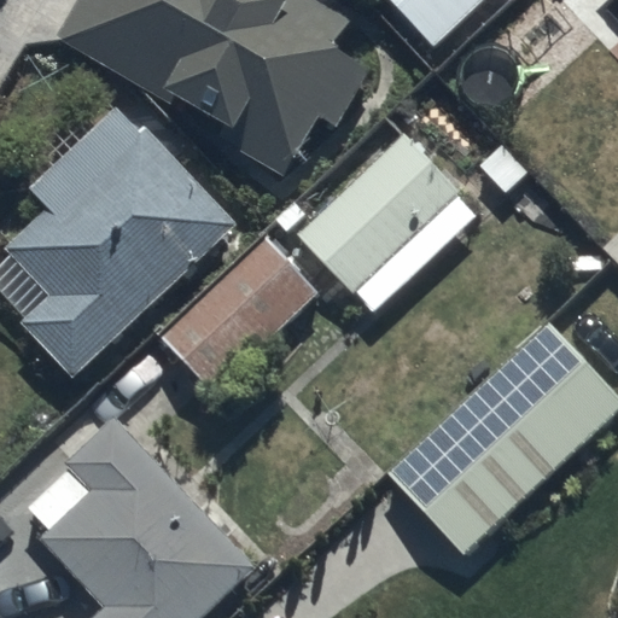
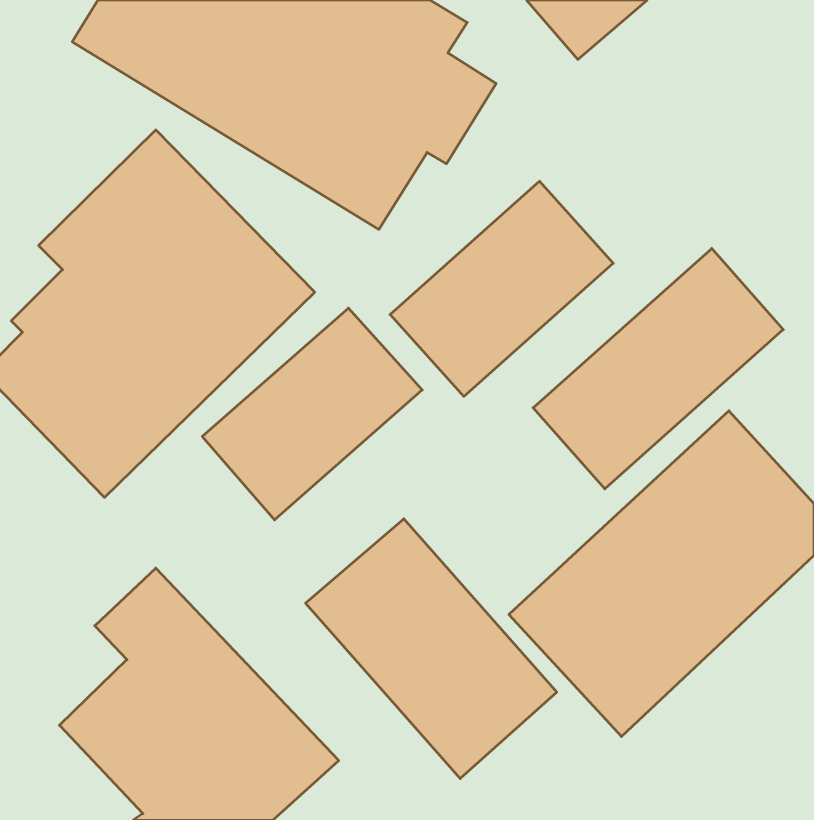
building: none -> [533,248,783,489]
building: none -> [306,519,557,779]

